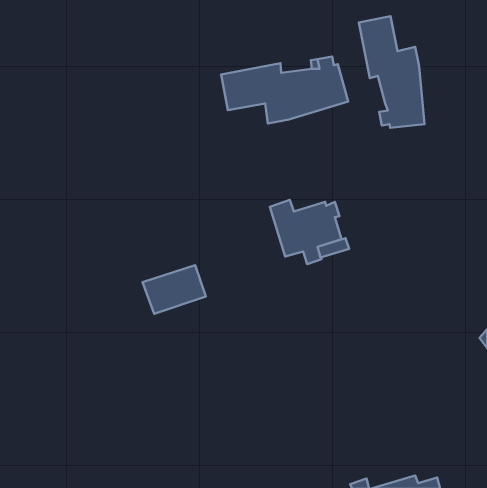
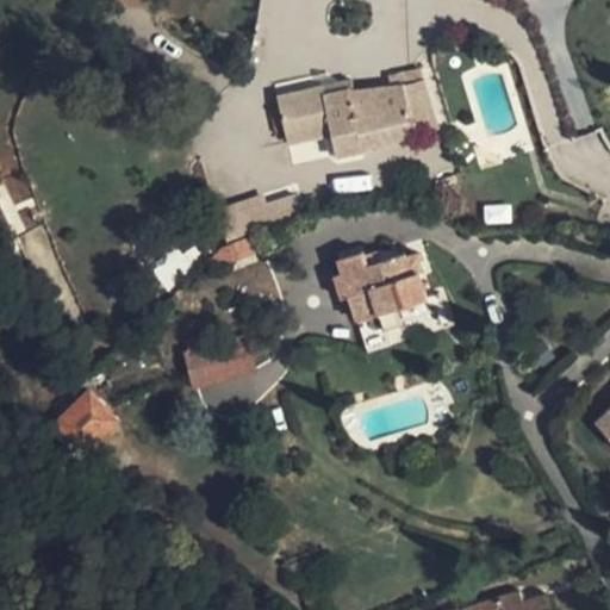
building: [359,16,424,128] -> none
building: none -> [52,394,114,455]

